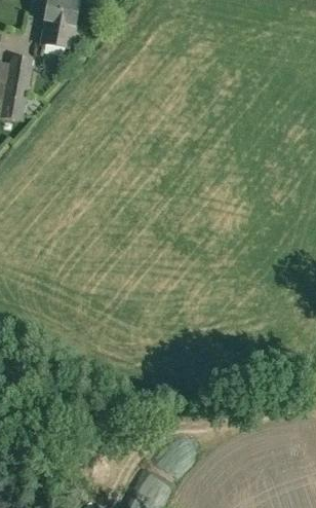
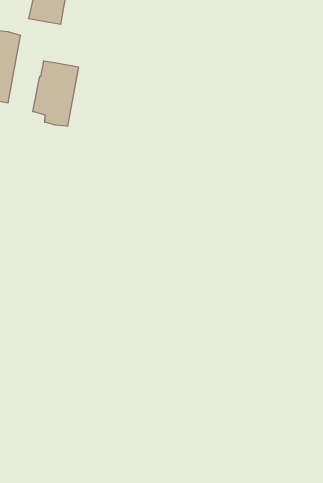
building: none -> [33,61,78,126]

